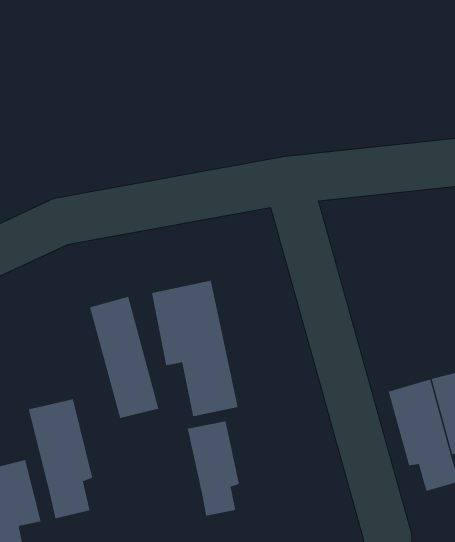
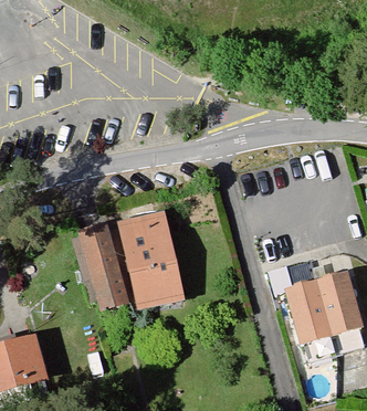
building: [28,399,93,519] -> none
building: [187,420,239,516] -> none

